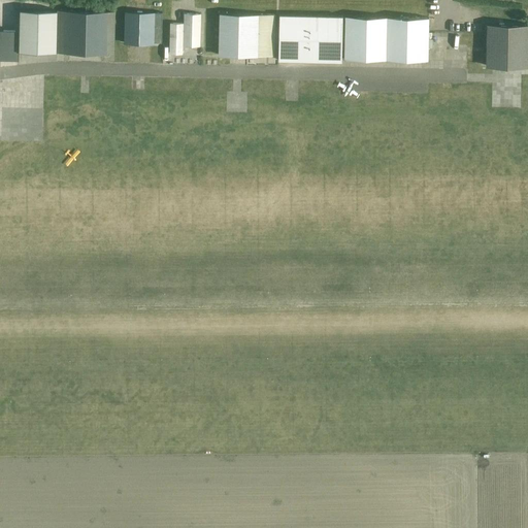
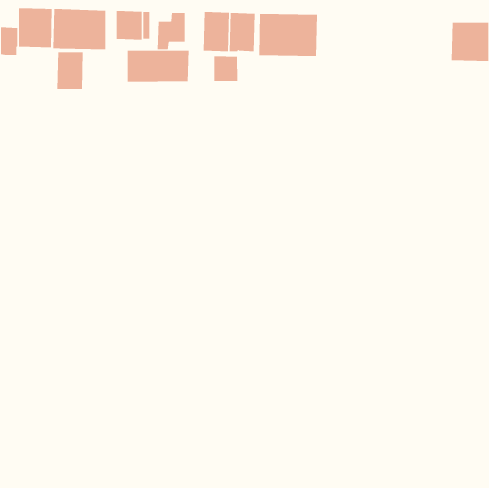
building: [344,18,429,62] -> none
building: none -> [127,50,189,82]
building: none -> [57,52,83,90]
building: none -> [214,56,238,82]

